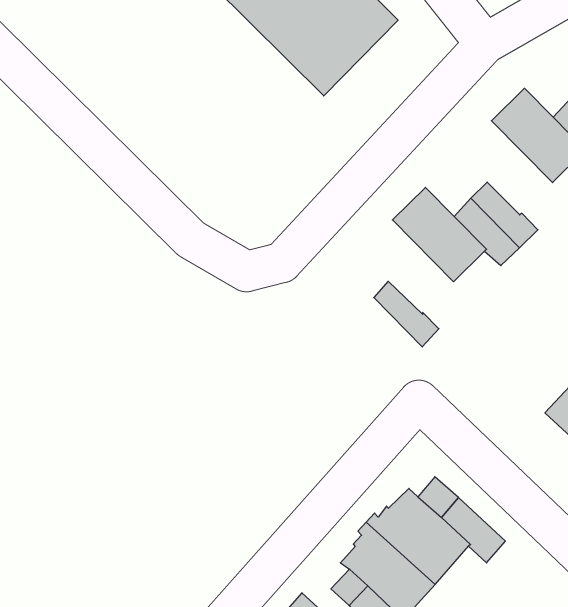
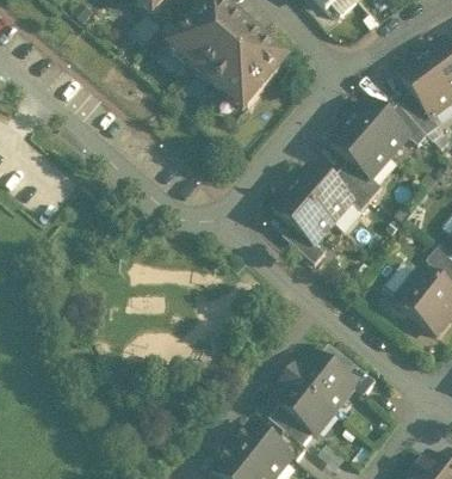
building: none -> [330,121,390,178]
building: none -> [274,186,333,244]

